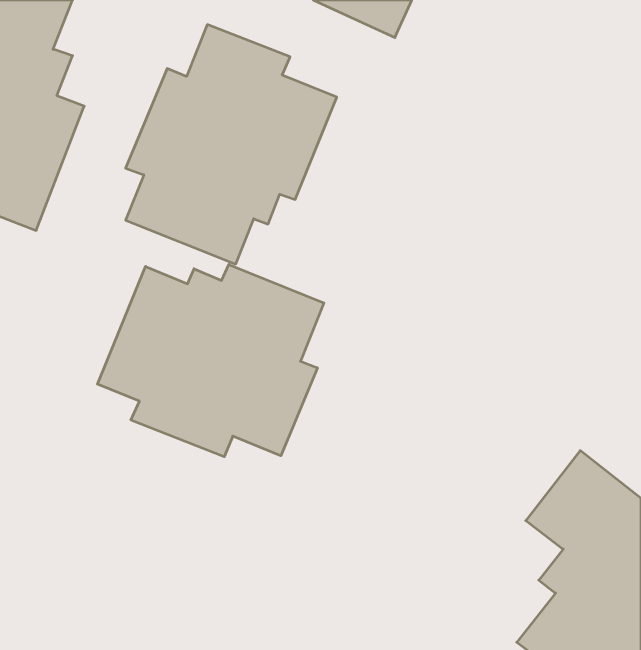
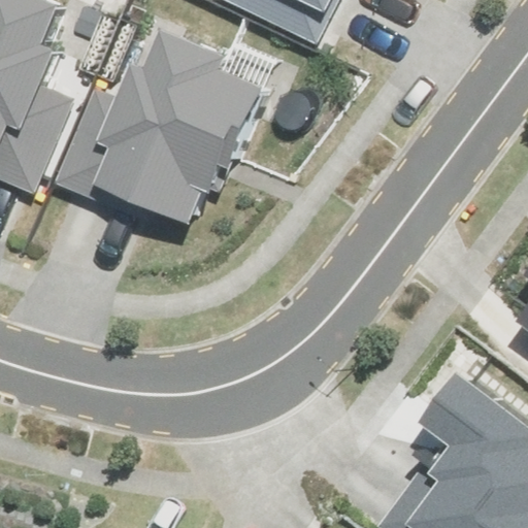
building: [97,264,324,457] -> none

